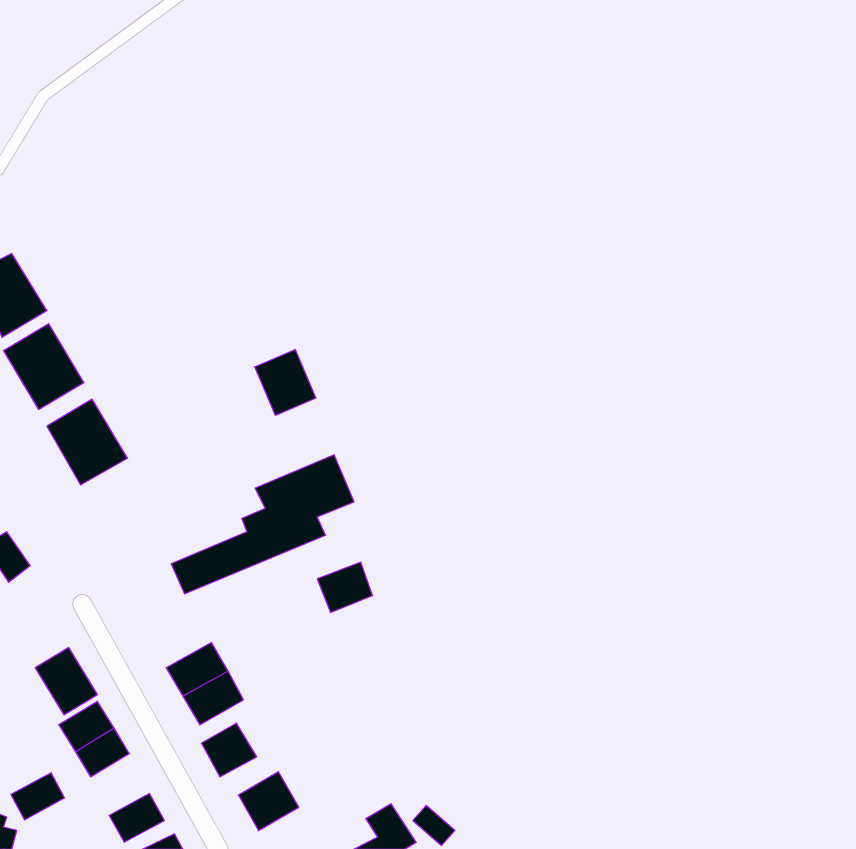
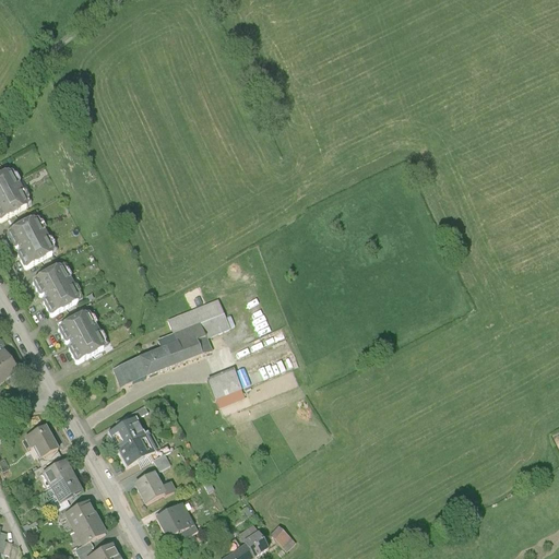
building: [255,349,316,415] -> none
building: none -> [57,308,106,361]
building: [11,773,65,820] -> [62,500,97,531]

